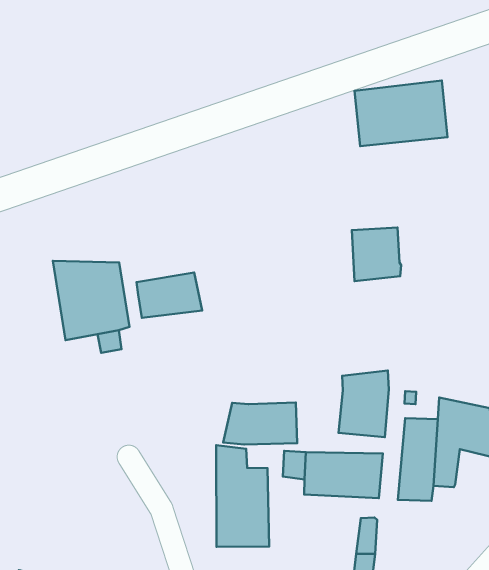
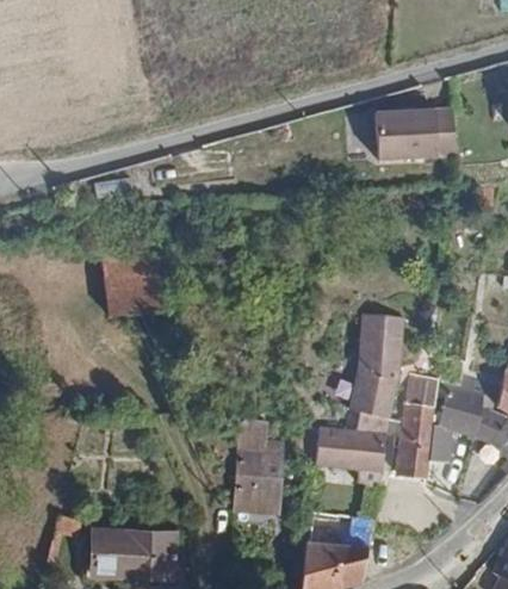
building: [352,227,401,281] -> [354,317,396,362]
building: [136,273,202,318] -> none
building: [223,403,297,444] -> none

